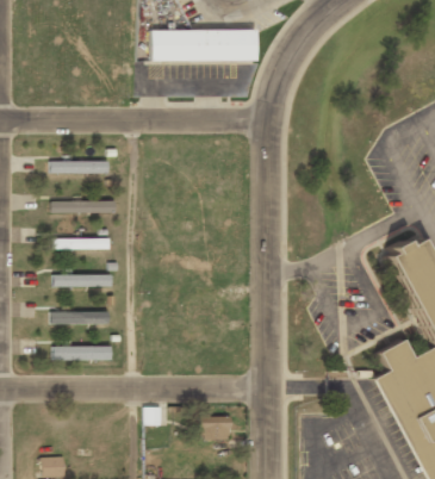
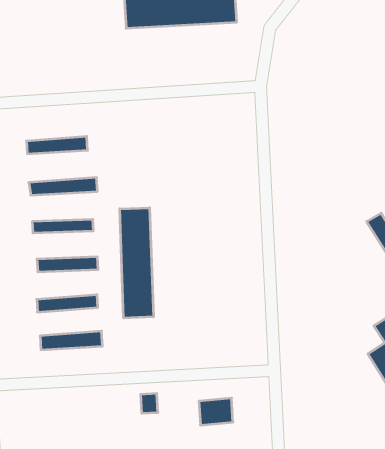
building: none -> [120,208,153,318]

